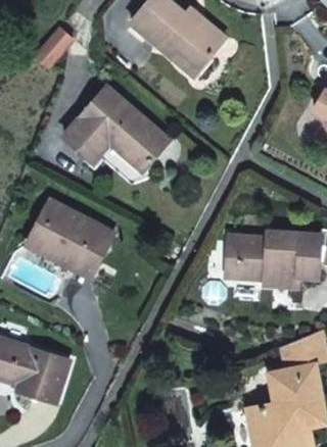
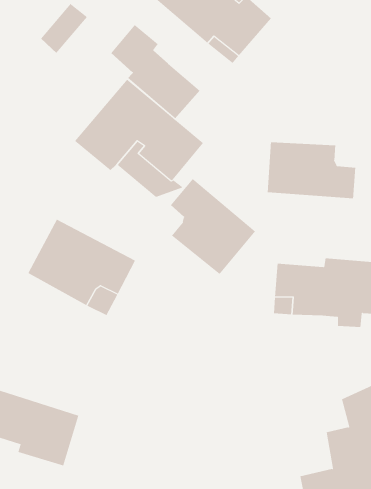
building: none -> [111,24,201,119]
building: none -> [267,141,356,199]
building: none -> [170,178,256,275]

